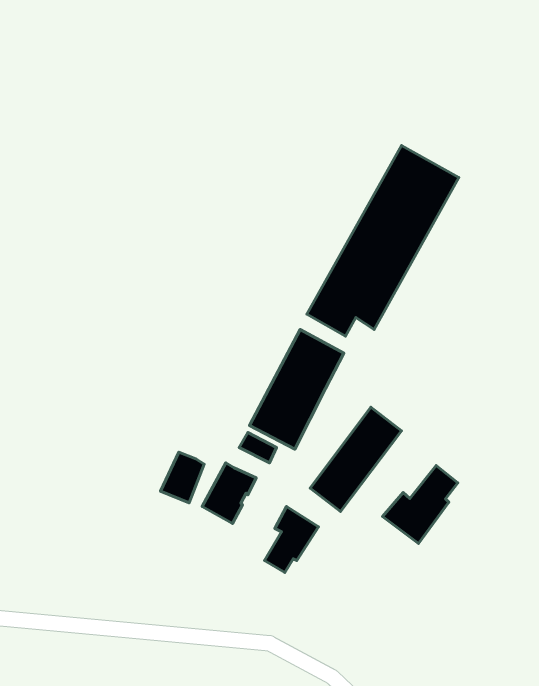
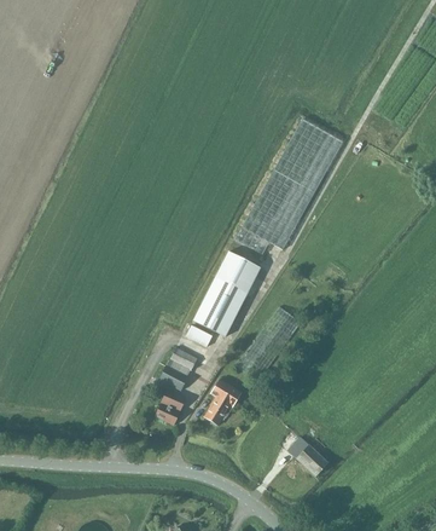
building: [160,452,204,503] -> [153,391,185,427]
building: [383,465,458,543] -> none
building: none -> [286,438,327,478]

